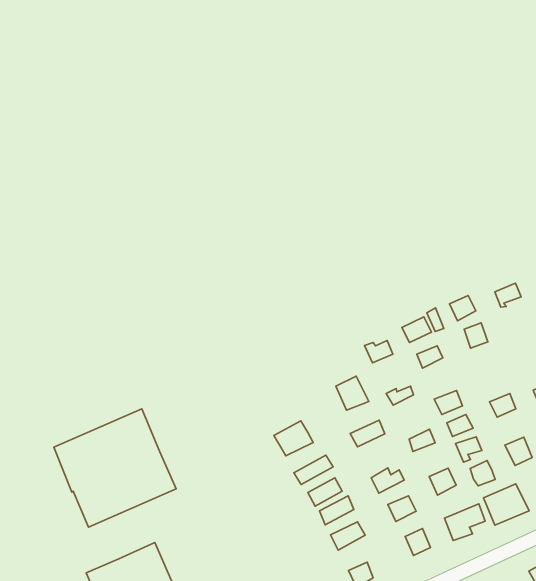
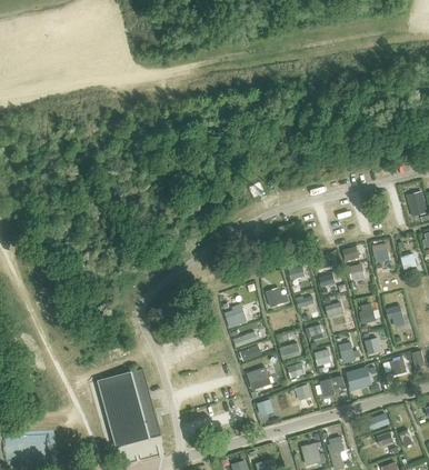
building: [54,409,176,527] -> none

